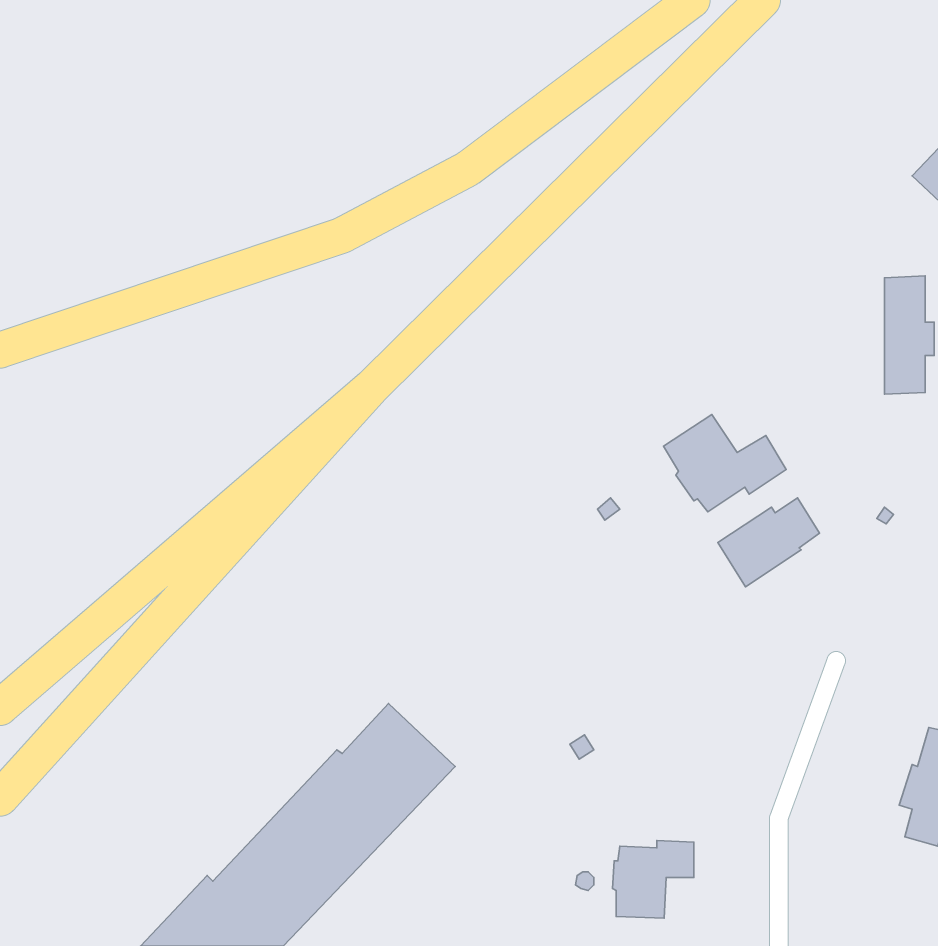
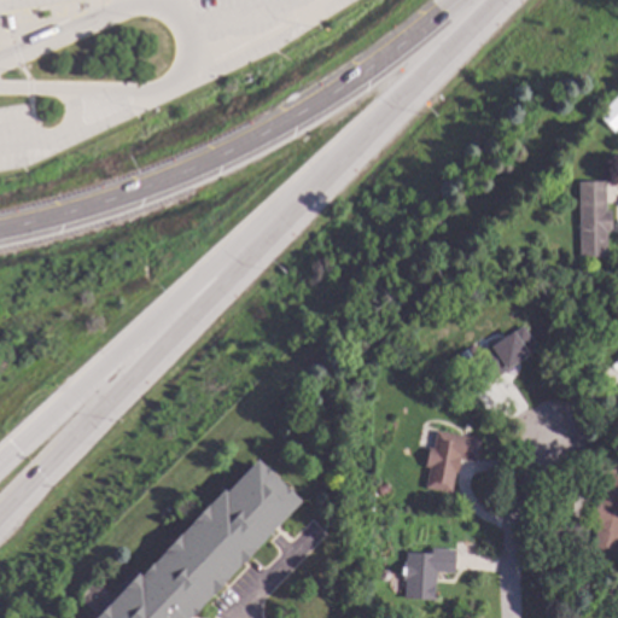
building: [663,414,786,512] -> none
building: none -> [427,430,483,492]

